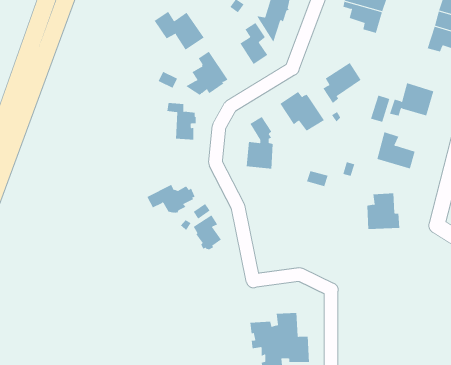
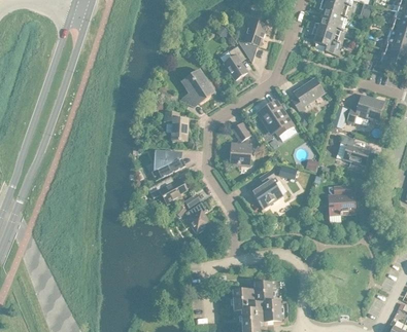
building: [154,11,204,51] -> none
building: none -> [151,149,184,179]
building: none -> [250,169,282,208]

